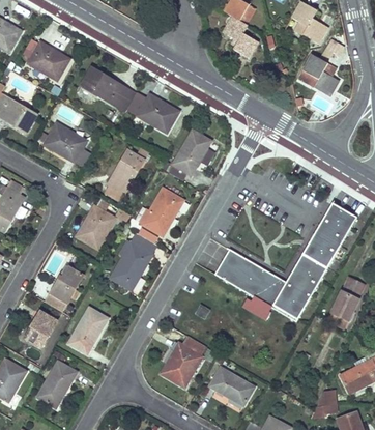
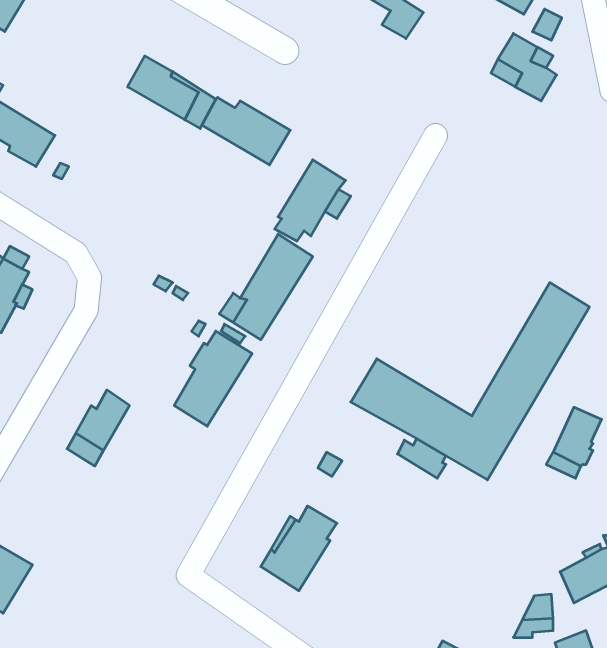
building: [27,44,67,81] -> none
building: [44,123,92,170] -> none
building: [110,149,146,193] -> none
building: [76,205,115,247] -> none
building: [66,307,106,353] -> none
building: [25,311,55,348] -> none
building: [36,360,77,407] -> none
building: [209,368,255,407] -> none

